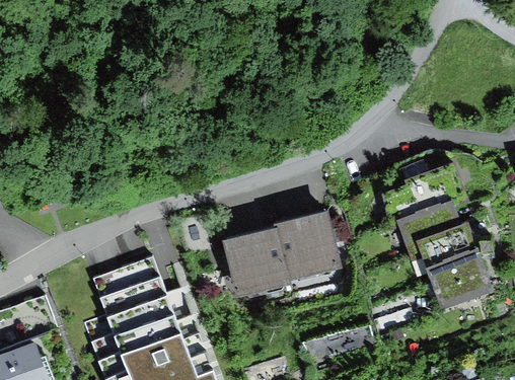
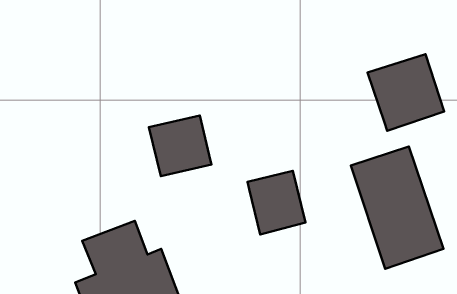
building: none -> [368,54,444,131]
building: [223,227,293,295] -> [149,115,212,176]

